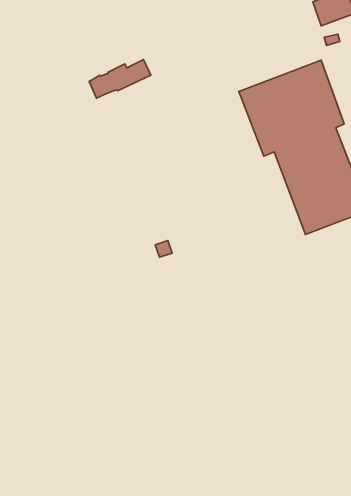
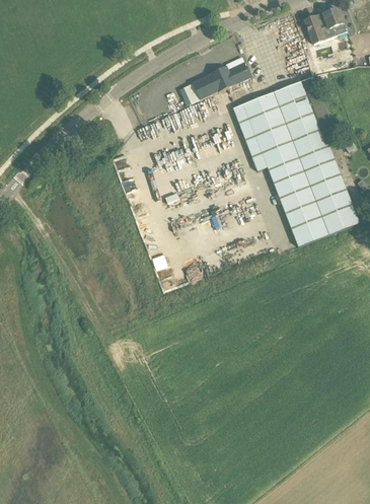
building: [89,59,151,98] -> [192,62,251,99]

